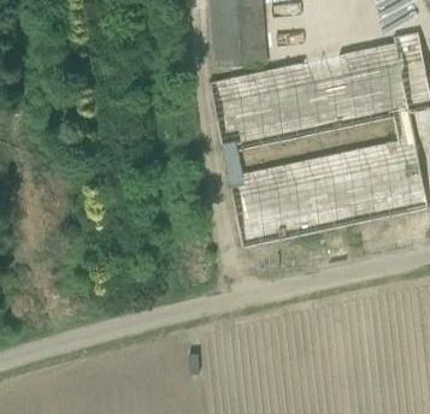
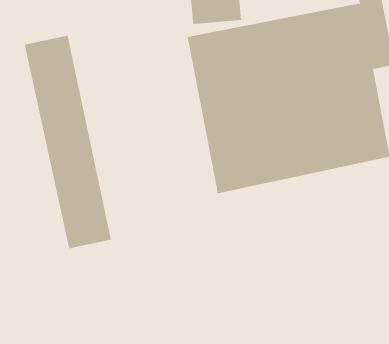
building: none -> [24,35,112,249]

